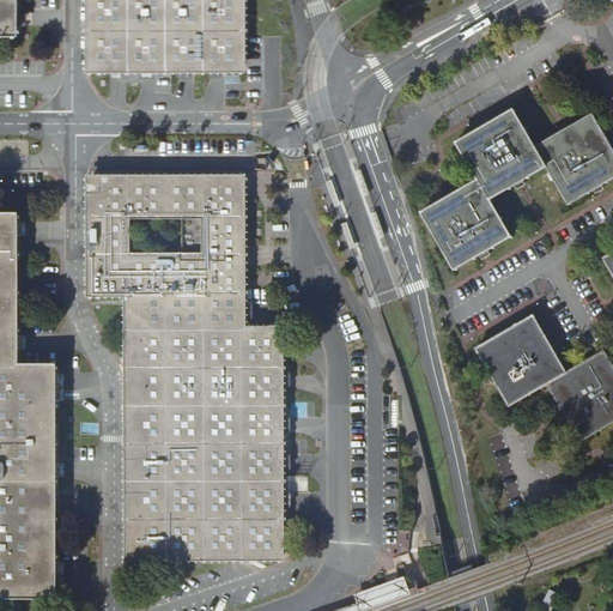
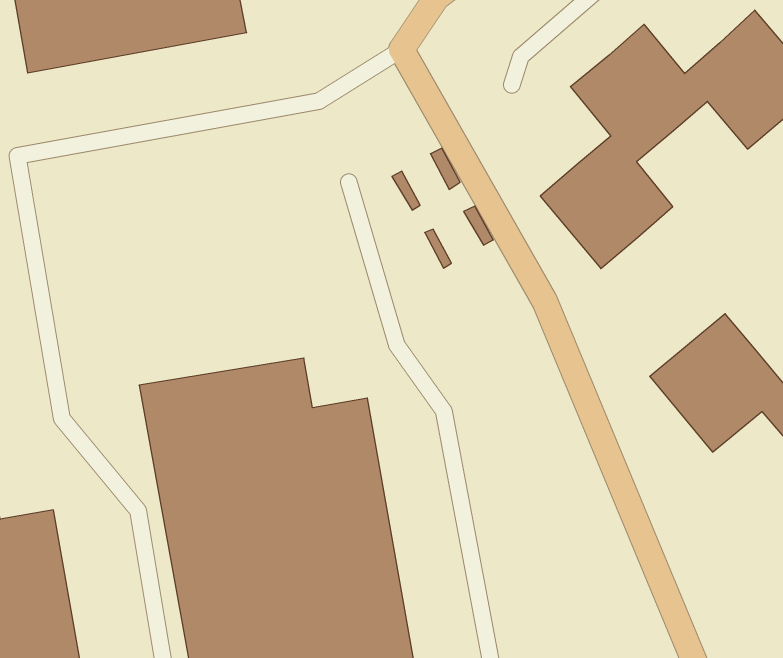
building: [90,177,242,294] -> none

